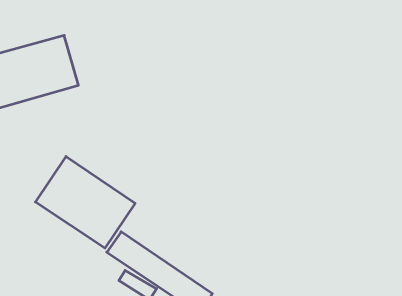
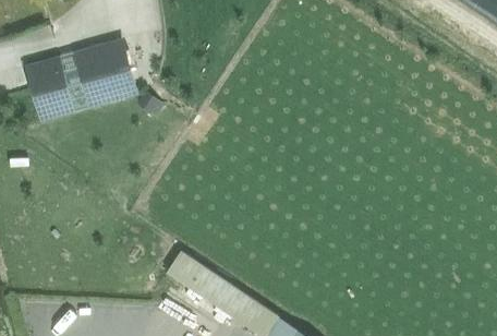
building: [35,156,135,248] -> none

